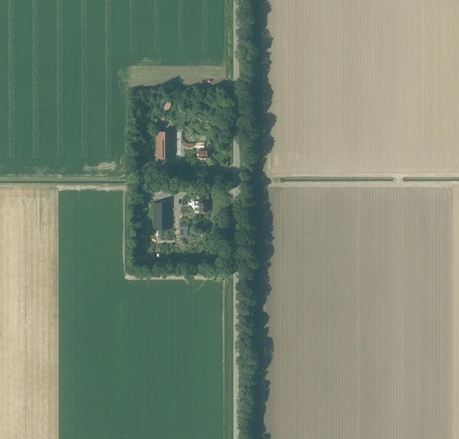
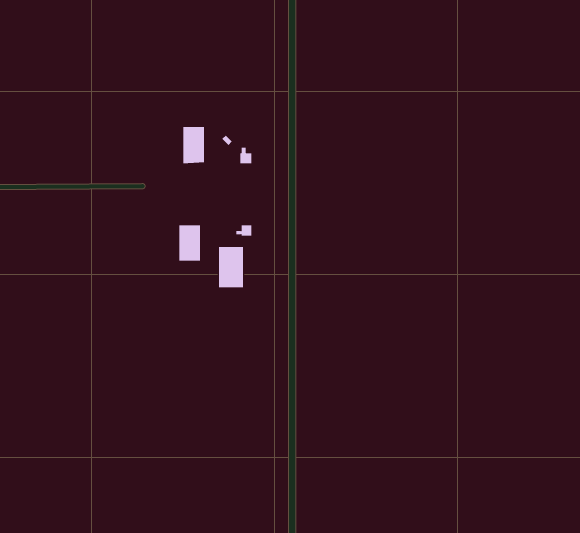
building: none -> [219,246,244,288]

